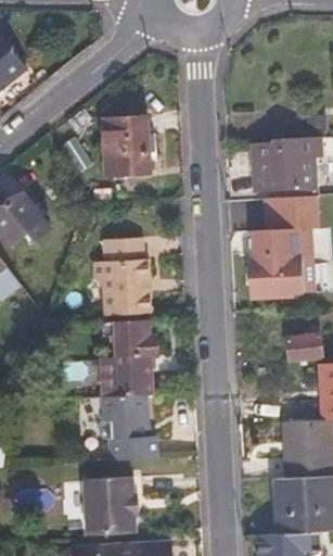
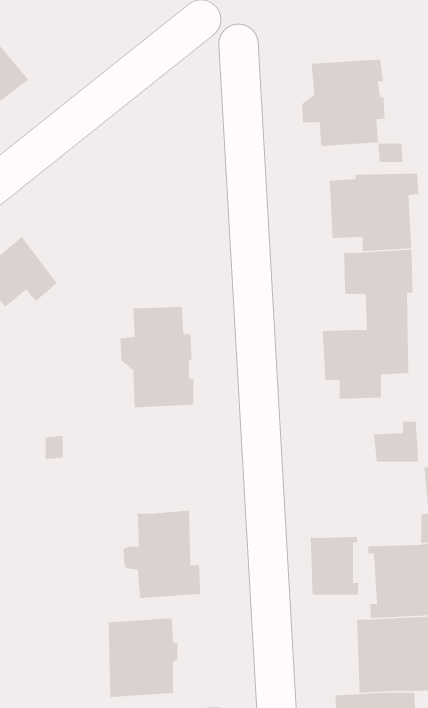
building: none -> [301,59,386,147]
building: [104,118,150,176] -> none
building: [104,320,158,396] -> none
building: none -> [310,536,359,596]

